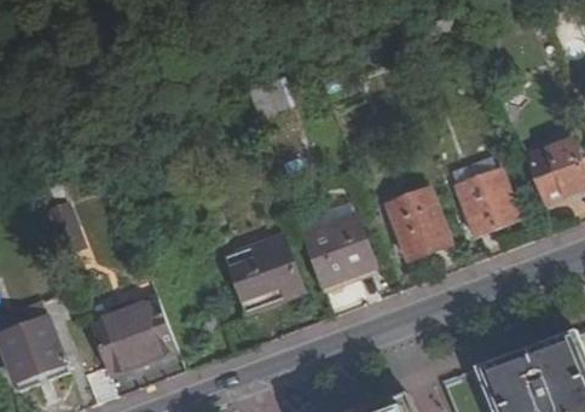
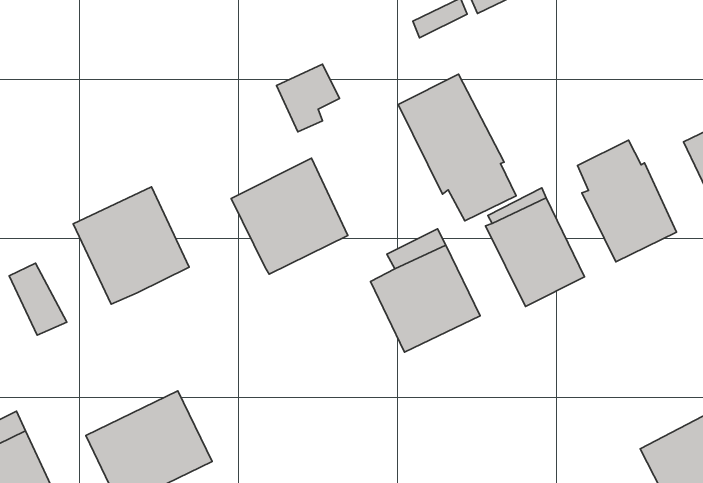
building: none -> [398,74,516,221]
building: none -> [73,187,189,304]
building: [224,233,303,312] -> [231,158,348,274]

